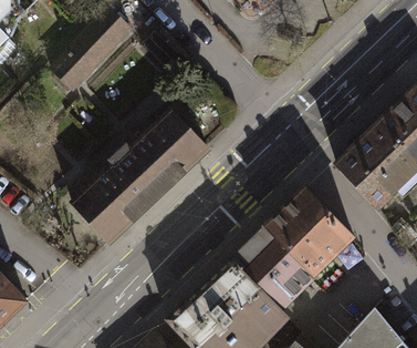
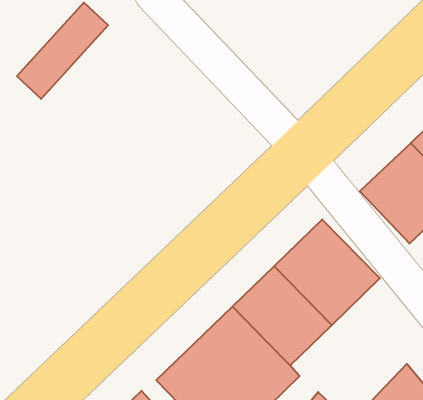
building: [73,111,209,243] -> none

